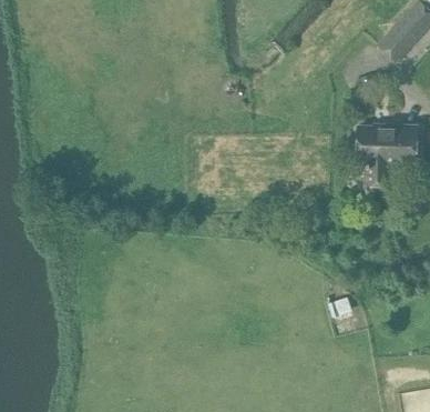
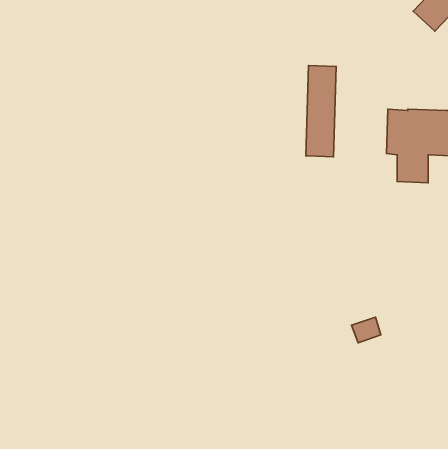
building: none -> [306,65,336,157]

